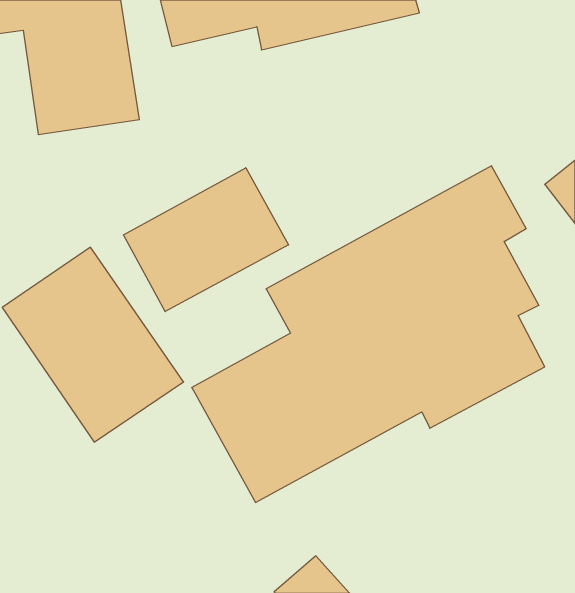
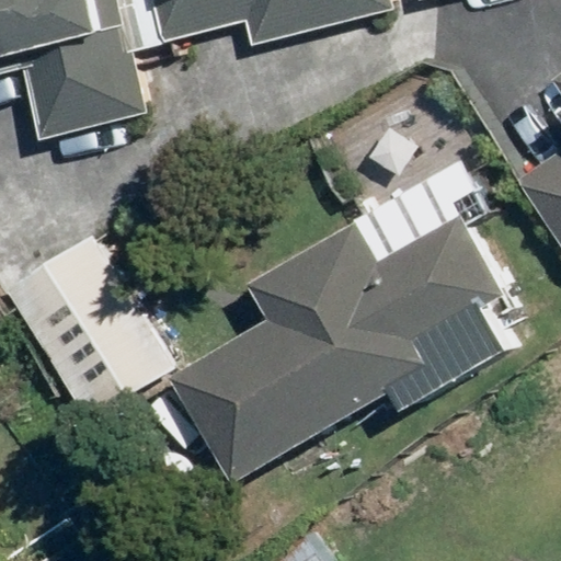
building: [123,168,289,312] -> none

